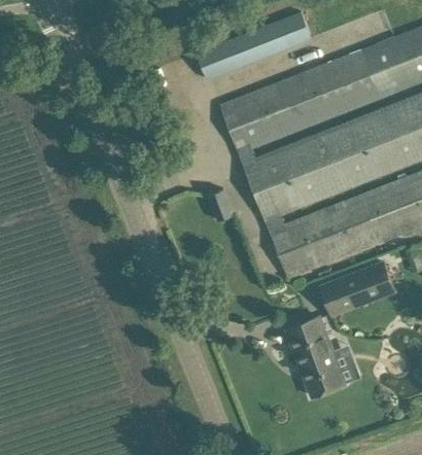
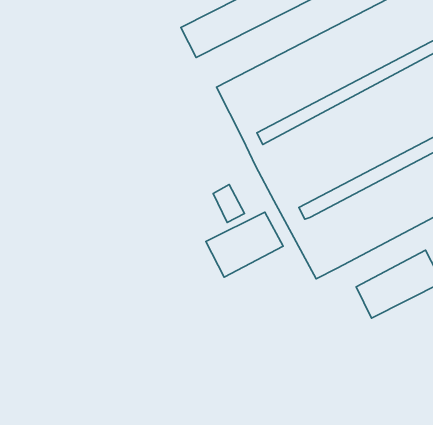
building: none -> [206,212,283,277]
building: [287,315,346,395] -> none

